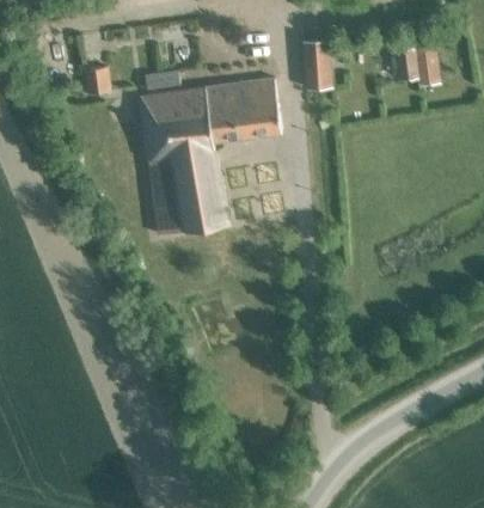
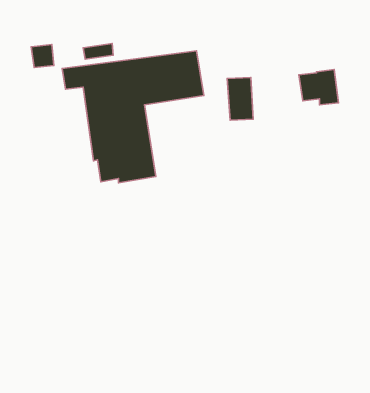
building: [302,38,332,87] -> [227,77,253,120]
building: [394,43,440,84] -> [299,70,338,105]

